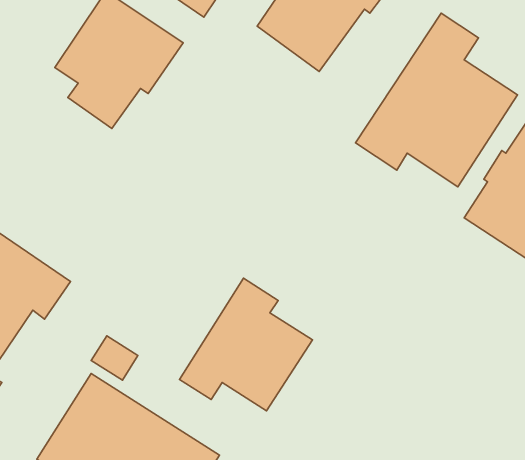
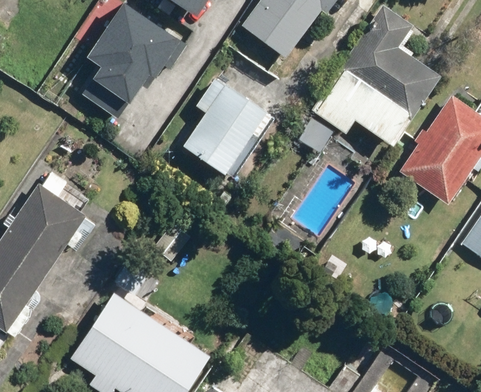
building: none -> [183,75,273,172]
building: [180,278,312,411] -> none

